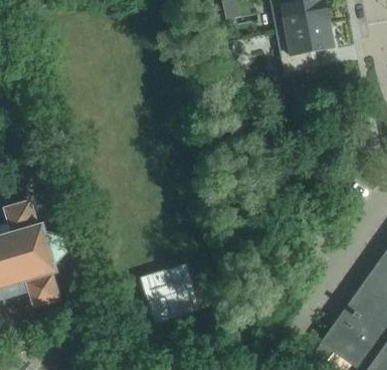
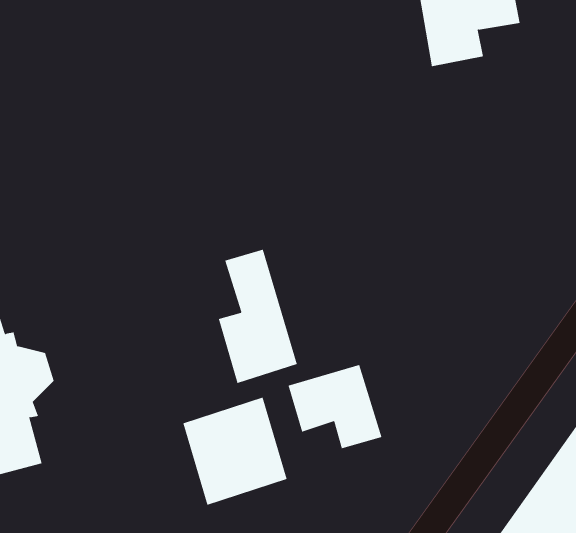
building: none -> [218,249,297,384]
building: none -> [288,364,382,449]

